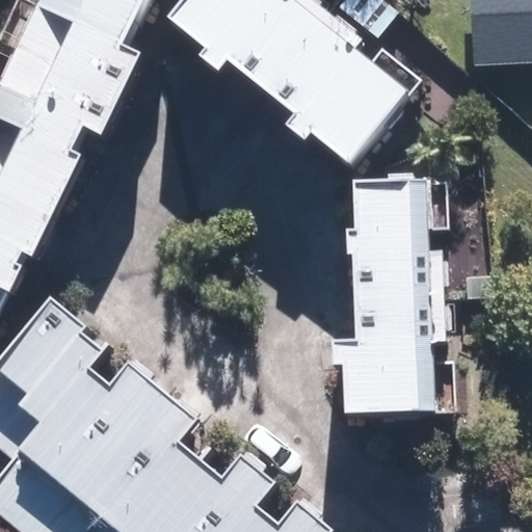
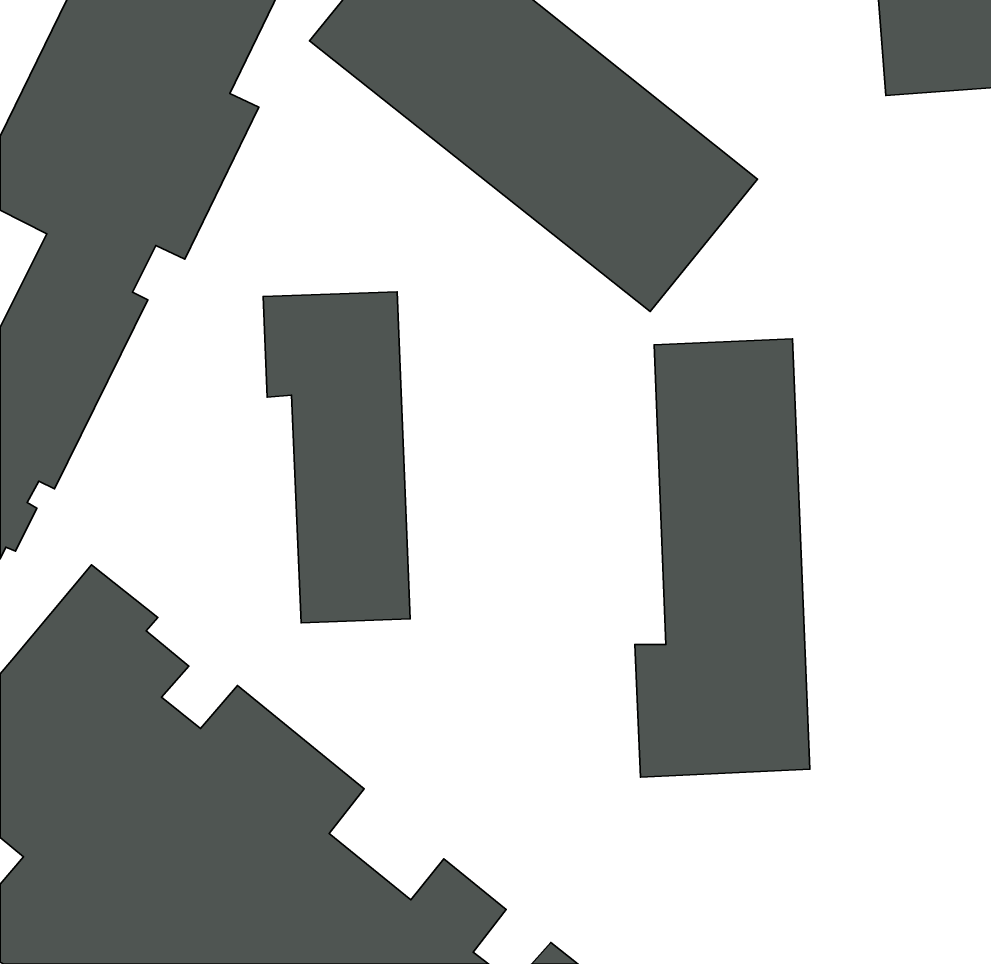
building: none -> [263,292,410,623]

